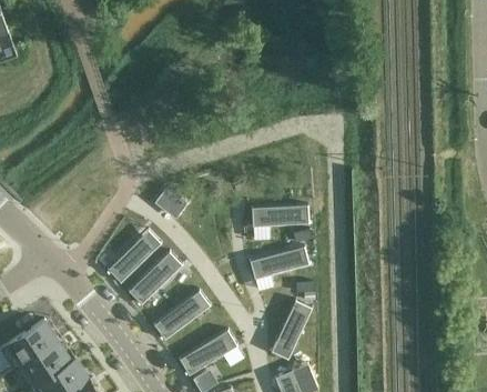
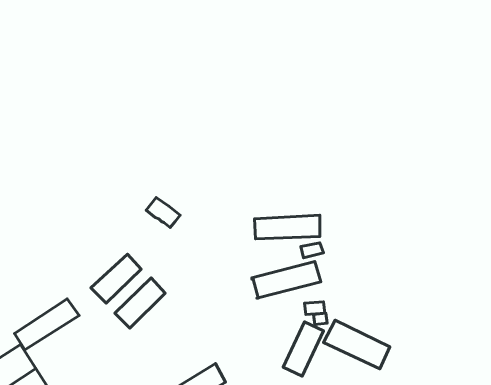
building: none -> [14,299,79,350]
building: none -> [324,320,390,369]
building: [154,298,200,339] -> none

